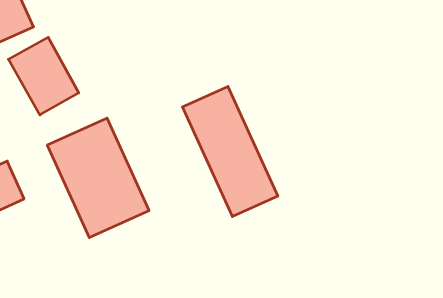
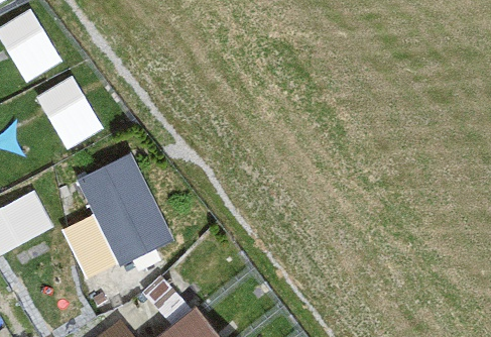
building: [182,86,278,217] -> none

